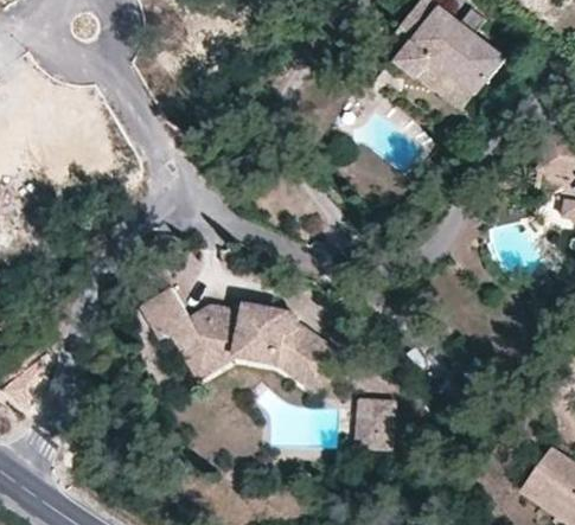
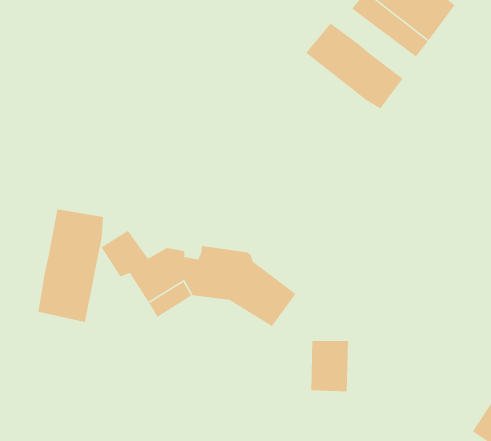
building: none -> [305,23,403,109]
building: none -> [37,208,104,323]

